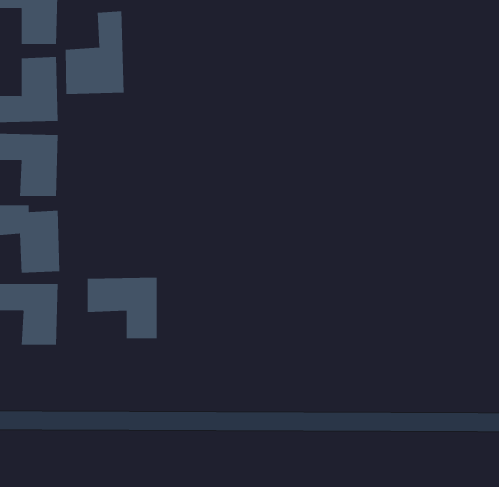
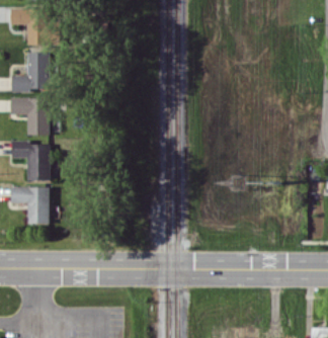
building: [65,11,124,95] -> none
building: [87,277,157,339] -> none

